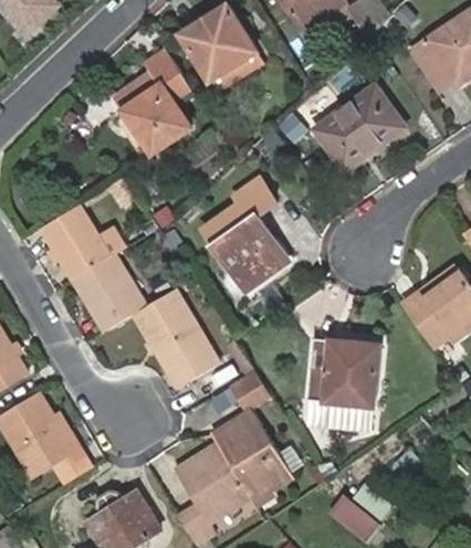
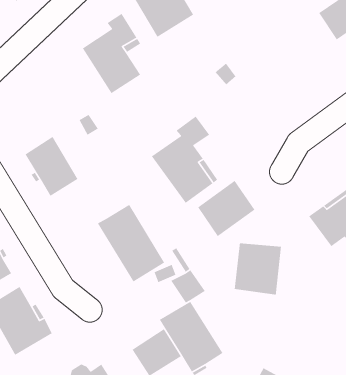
building: [315,87,404,169] -> none
building: [76,255,147,331] -> none
building: none -> [197,180,256,237]

